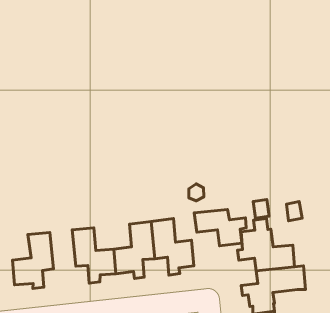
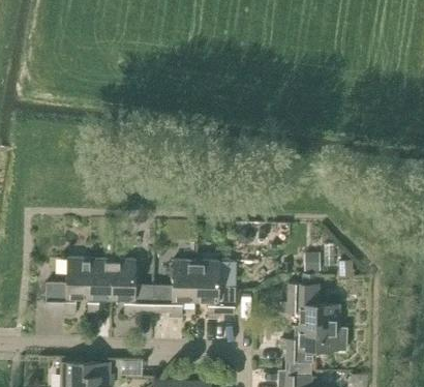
building: [194,209,246,246] -> none
building: none -> [87,259,112,316]

